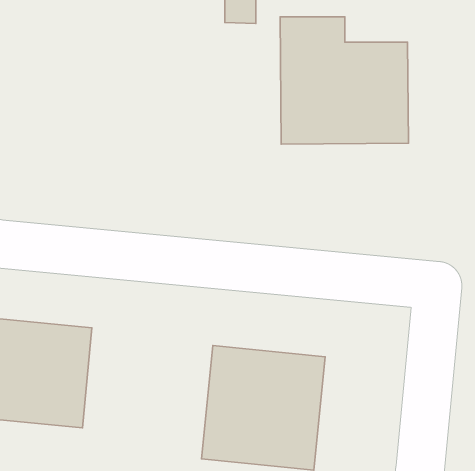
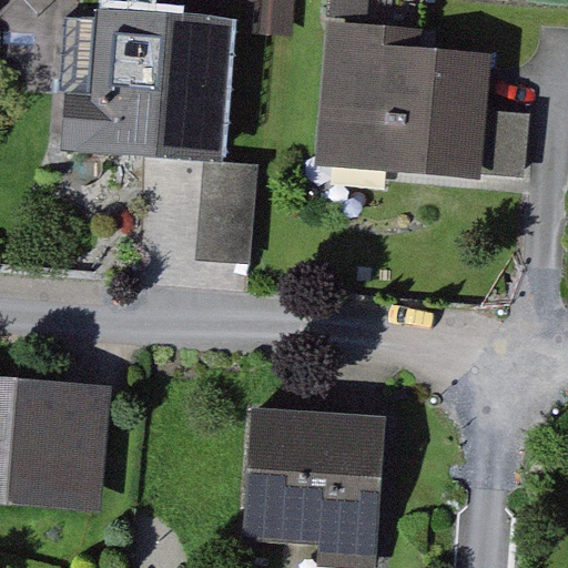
building: none -> [81,13,224,146]
building: none -> [203,169,248,256]

